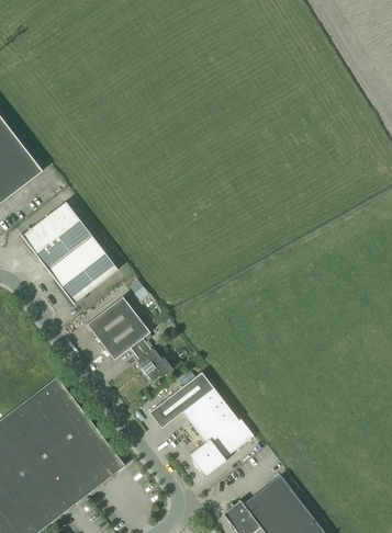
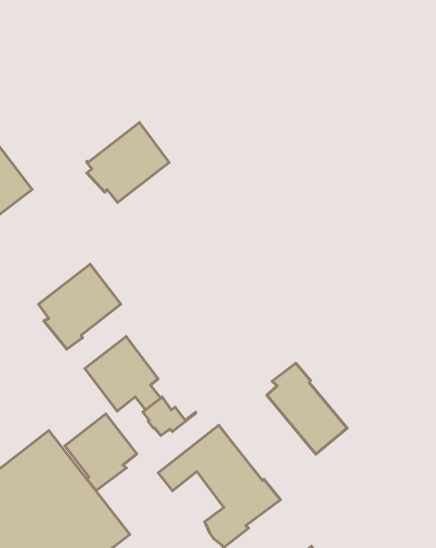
building: [21,201,91,269] -> [87,123,169,202]
building: none -> [267,363,347,454]
building: none -> [65,414,137,491]

